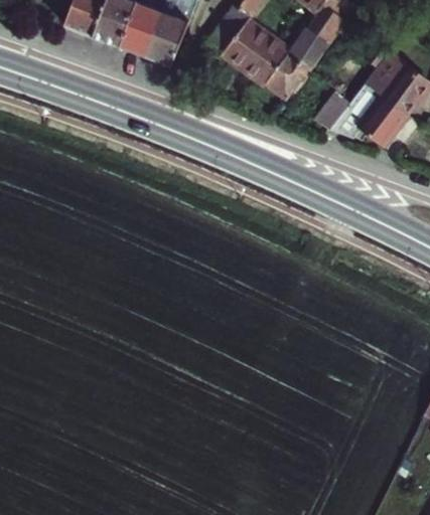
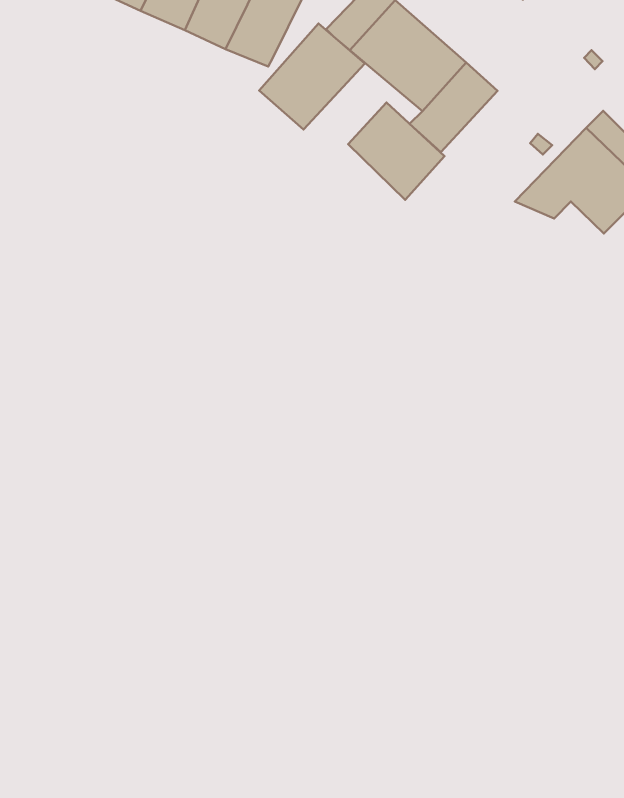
building: [291,26,334,68] -> none
building: none -> [259,23,365,129]
building: none -> [348,102,445,200]

